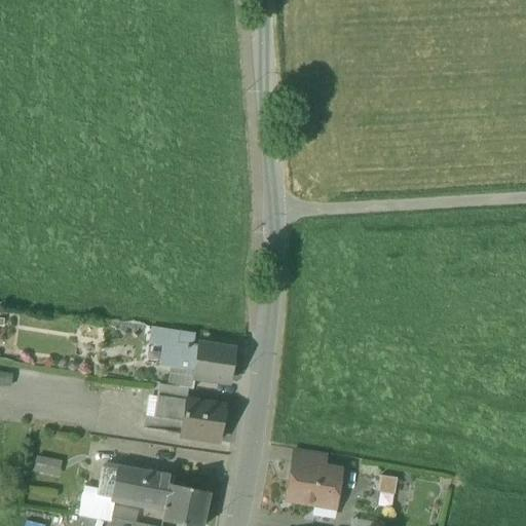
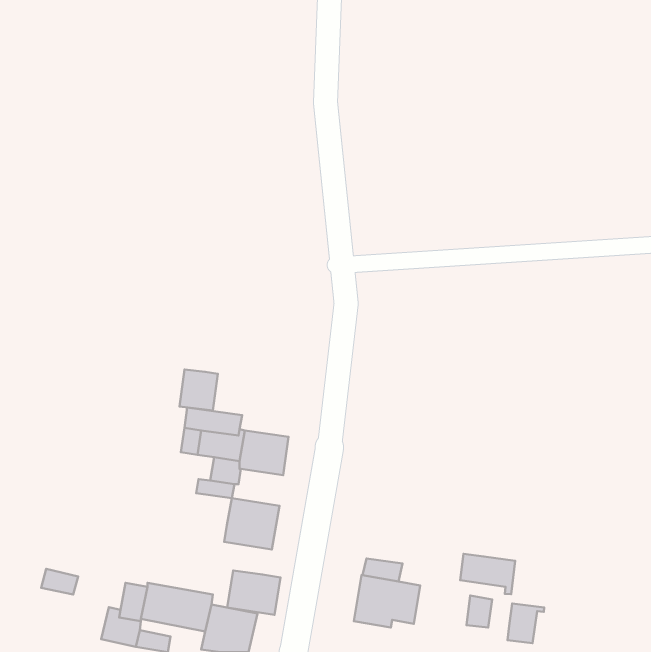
building: none -> [179,370,218,411]
building: [157,396,189,421] -> none
building: none -> [460,554,515,594]
building: none -> [227,570,280,615]
building: none -> [507,604,544,643]

